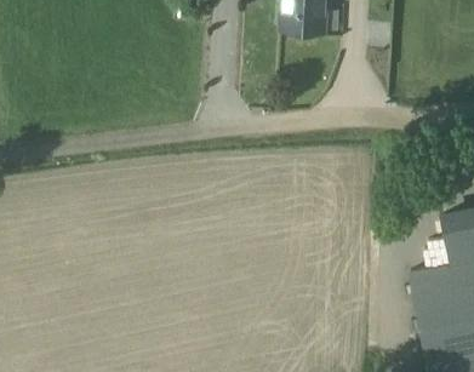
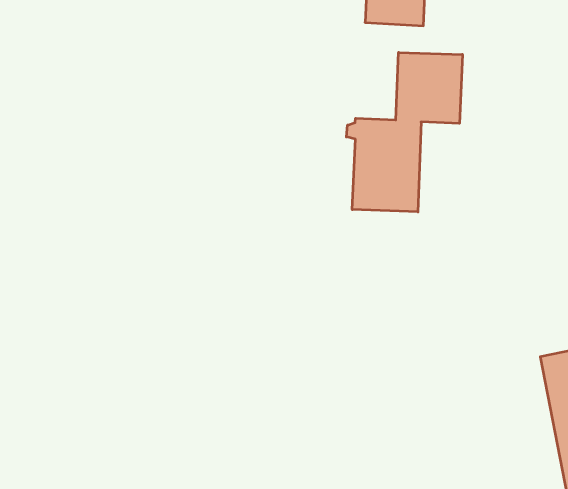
building: none -> [346,52,462,212]

